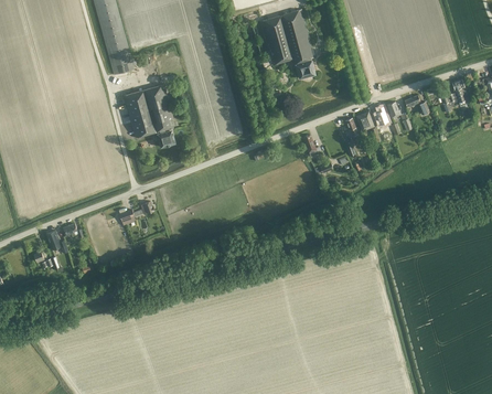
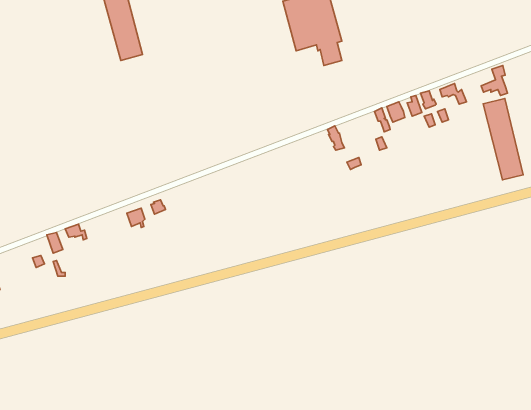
building: [124,84,175,147] -> none
building: none -> [483,98,523,180]

